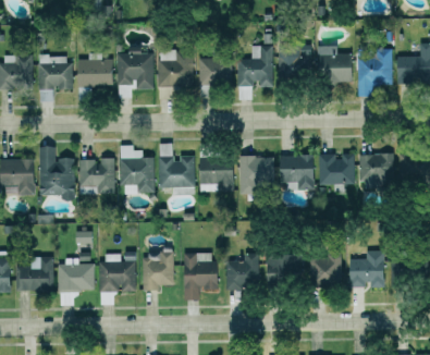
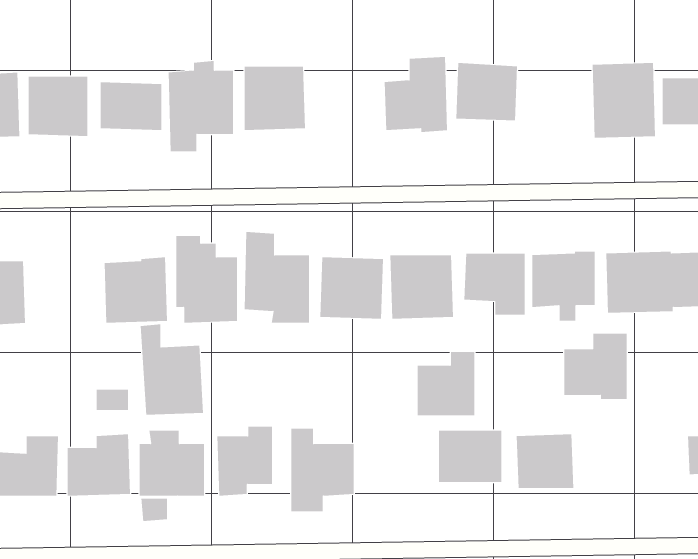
building: [318,46,346,81] -> none
building: [198,56,231,85] -> none
building: [38,146,74,197] -> [140,324,204,415]
building: [351,250,386,287] -> [563,333,628,399]
building: [226,253,259,289] -> [417,352,475,416]

